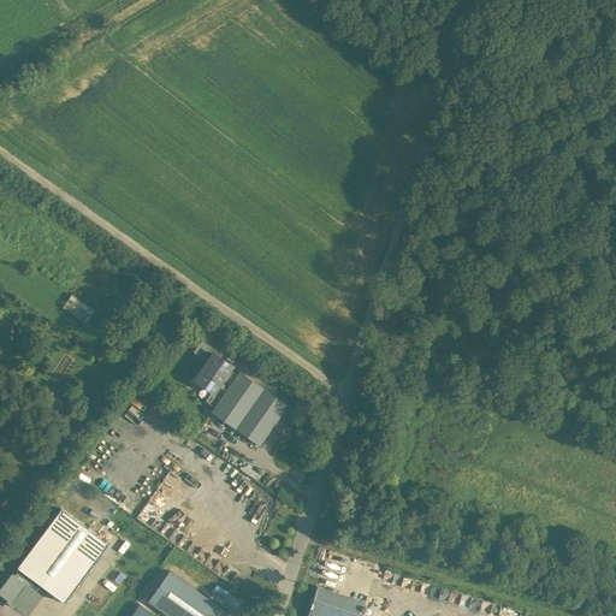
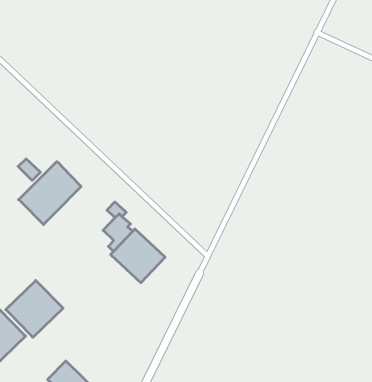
building: none -> [18,162,81,225]
building: none -> [6,280,63,337]

